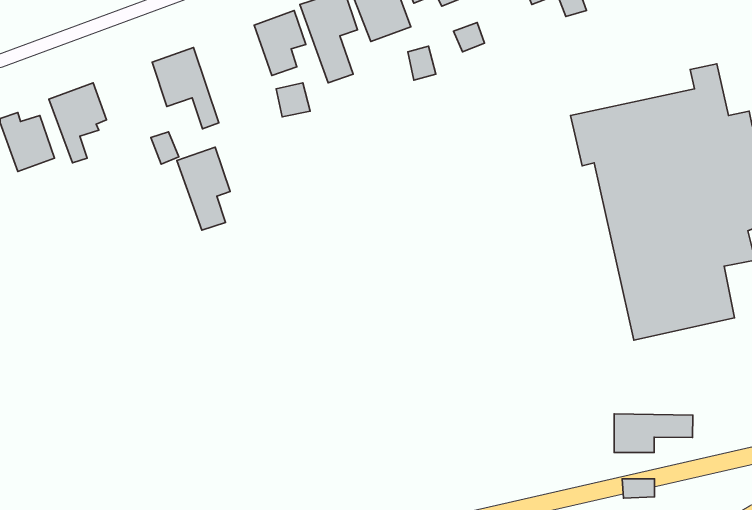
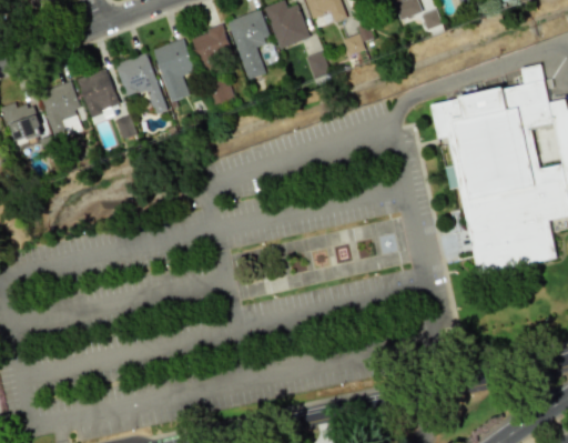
building: none -> [77,68,120,114]
building: [177,147,230,230] -> [154,39,194,101]
building: [614,414,693,453] -> none

